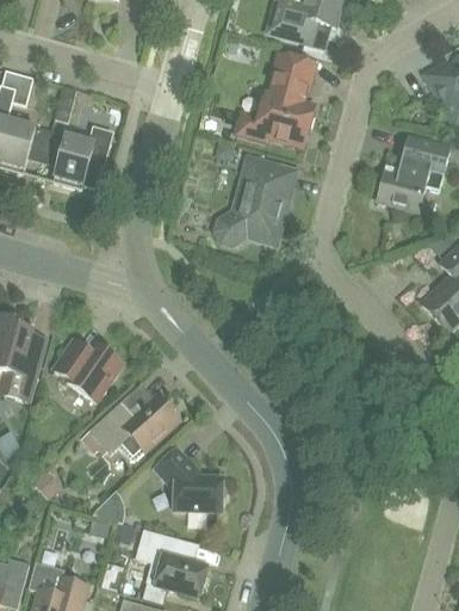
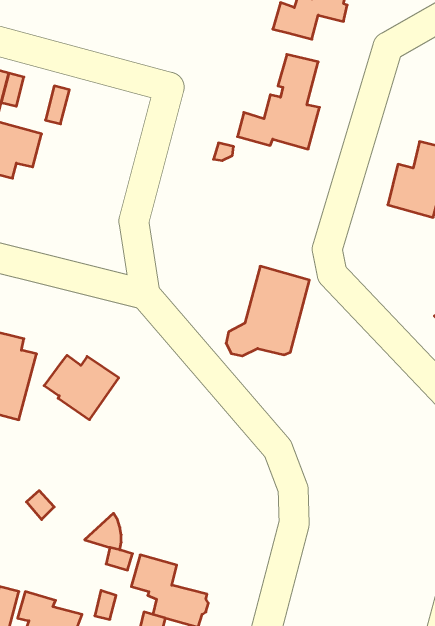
building: [42,130,108,189] -> none
building: [216,156,294,241] -> [226,266,309,356]
building: [88,394,179,457] -> none
building: [155,446,225,510] -> none

